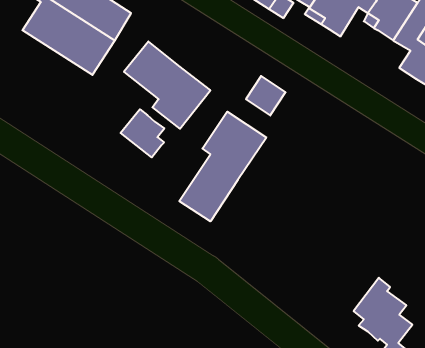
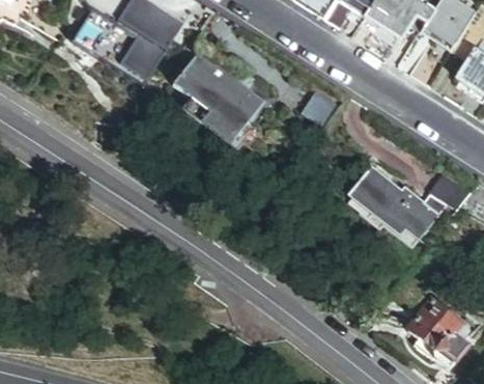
building: [121,109,164,157] -> none
building: [179,112,266,221] -> none
building: none -> [345,162,471,247]

